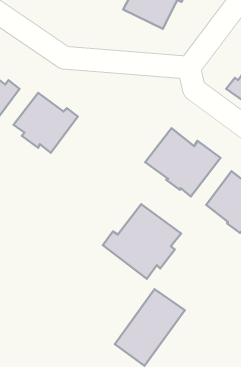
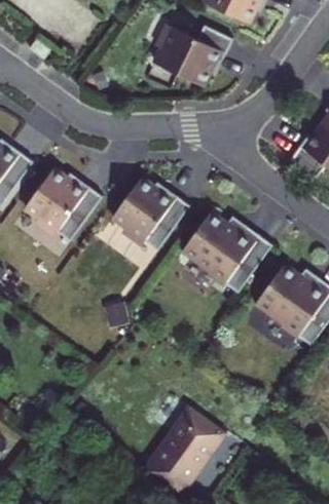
building: none -> [114,172,192,245]
building: [103,204,181,279] -> none

